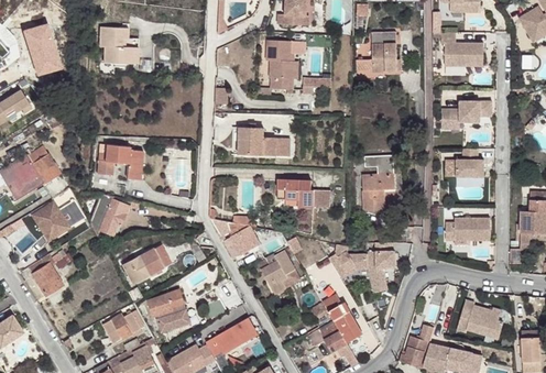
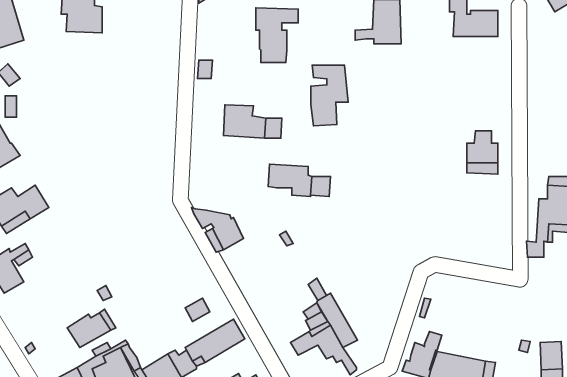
building: [443,102,493,130] -> none
building: [98,144,145,179] -> none
building: [362,156,395,210] -> [311,65,348,126]
building: [86,195,130,234] -> none
building: [444,219,489,242] -> none
building: [123,243,168,279] -> none
building: [329,244,395,294] -> none
building: [251,250,297,296] -> none
building: [148,287,194,339] -> none
building: [457,299,503,338] -> none

